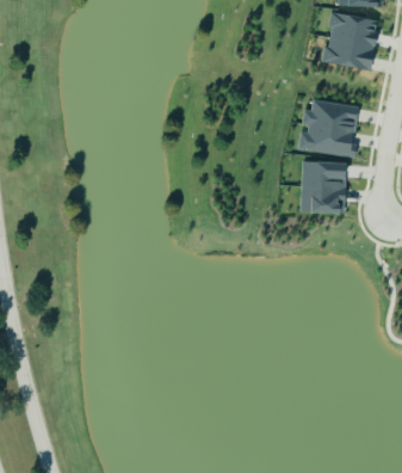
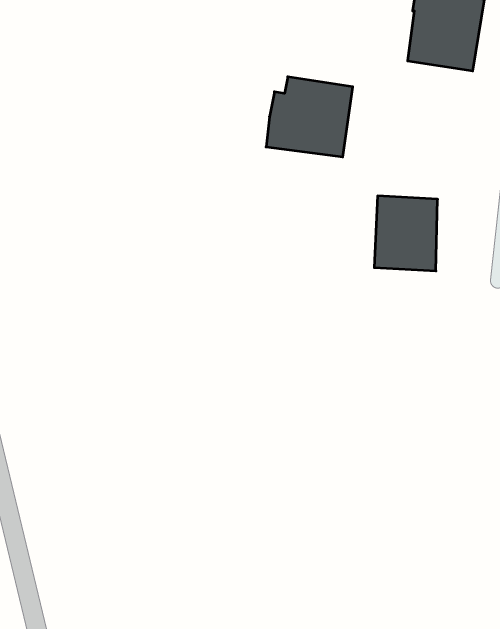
building: [297,99,359,156] -> [266,77,353,157]

